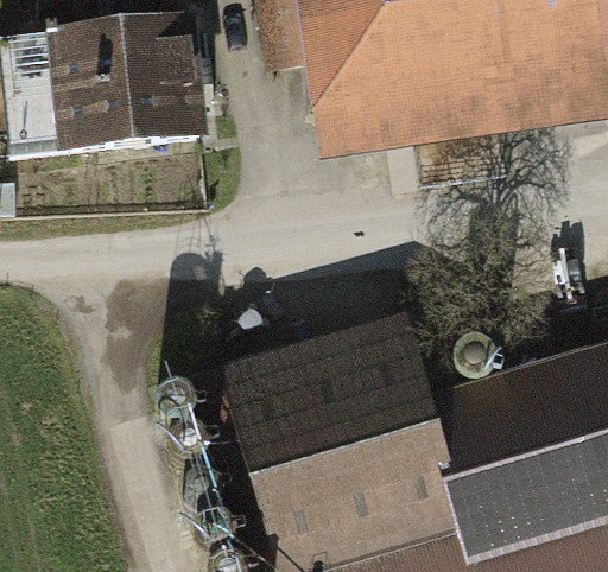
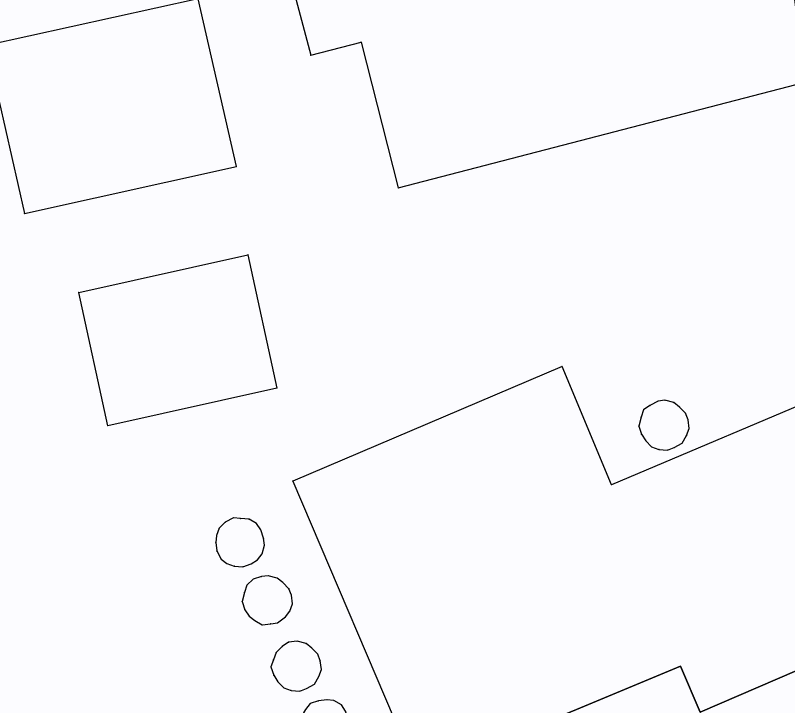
building: none -> [79,255,277,426]

